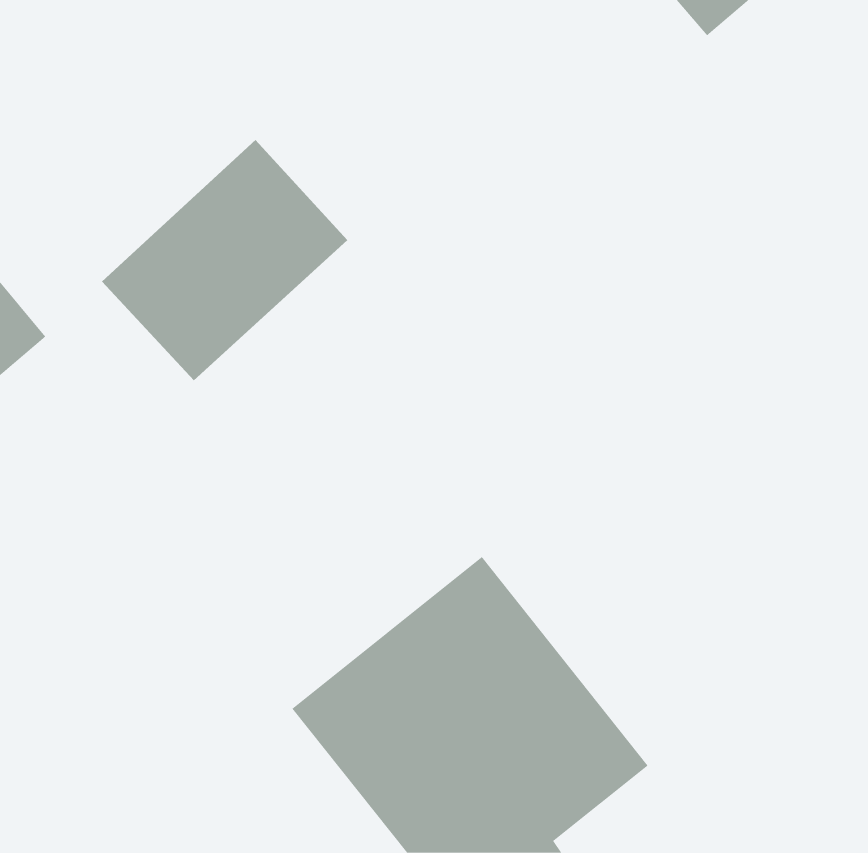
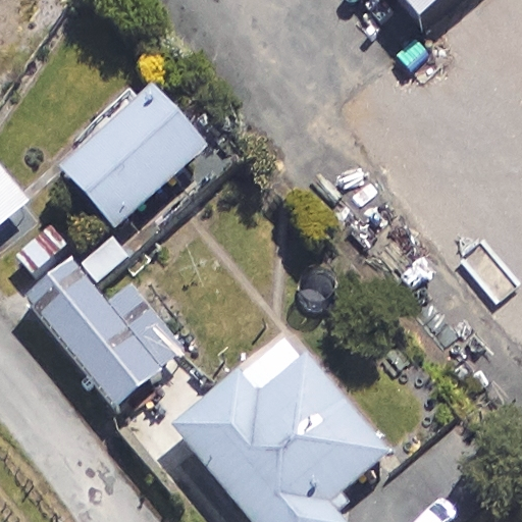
building: none -> [29,261,179,403]

